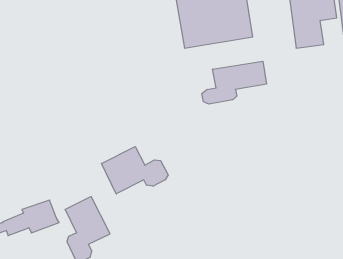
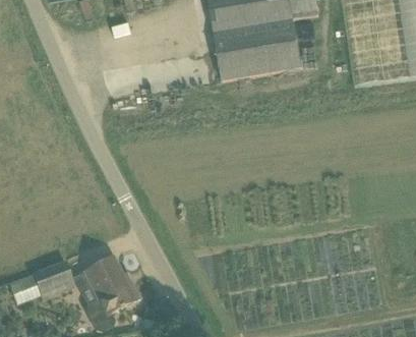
building: [202,61,266,104] -> none
building: [102,147,168,194] -> none

